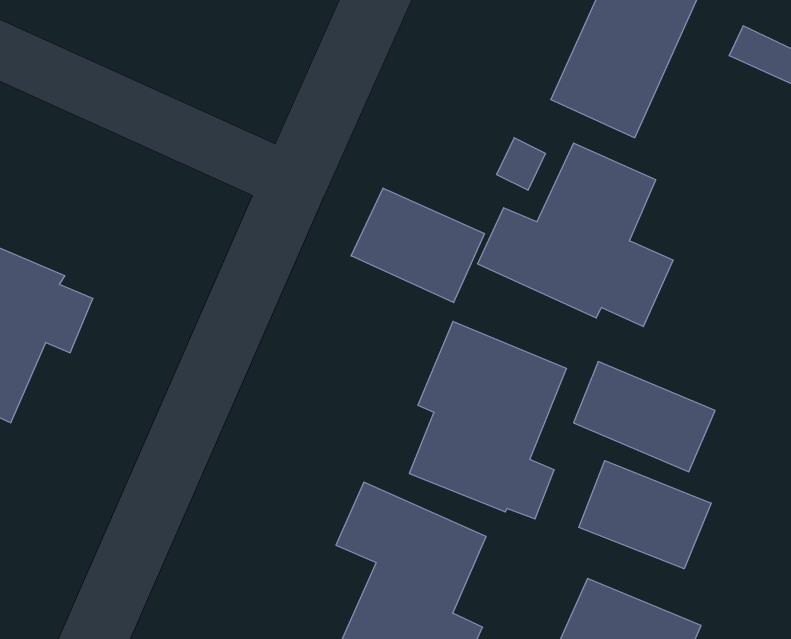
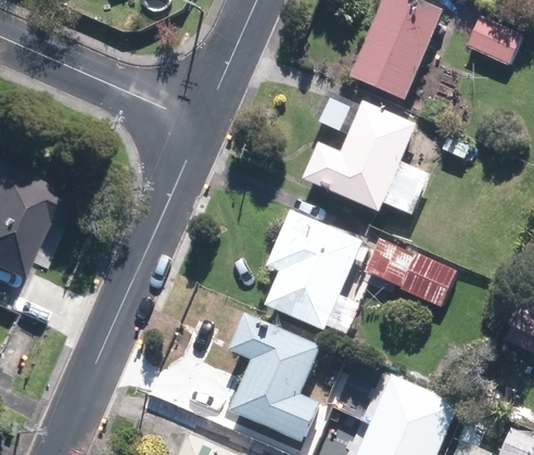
building: [351,188,485,303] -> none
building: [579,461,711,569] -> none

